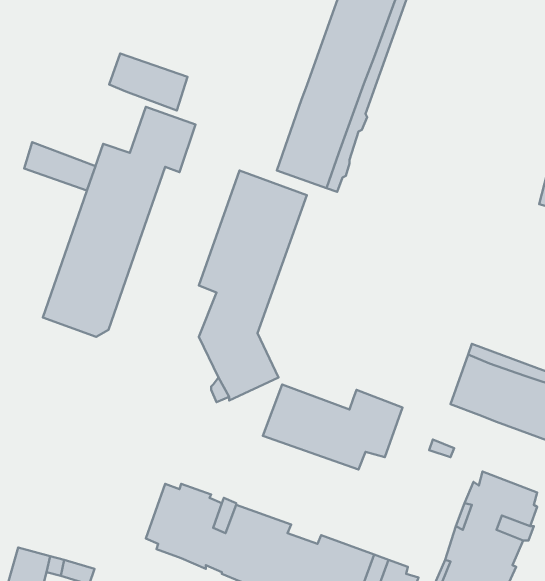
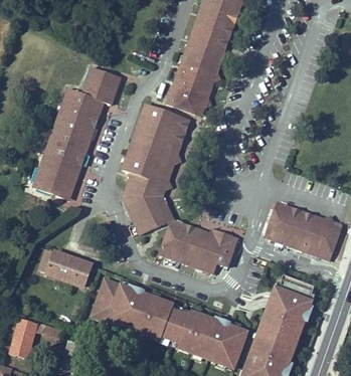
building: [109,53,187,111] -> none
building: [24,142,95,190] -> none
building: none -> [155,118,209,239]
building: none -> [39,249,91,286]

